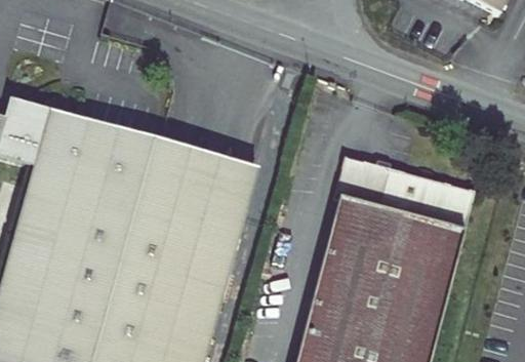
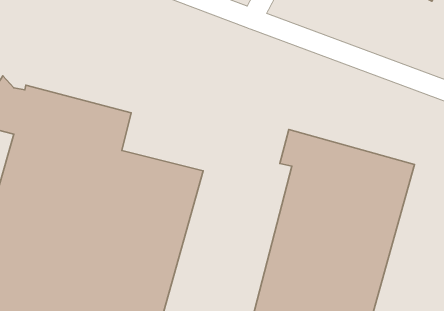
building: [154,140,254,205] -> none

